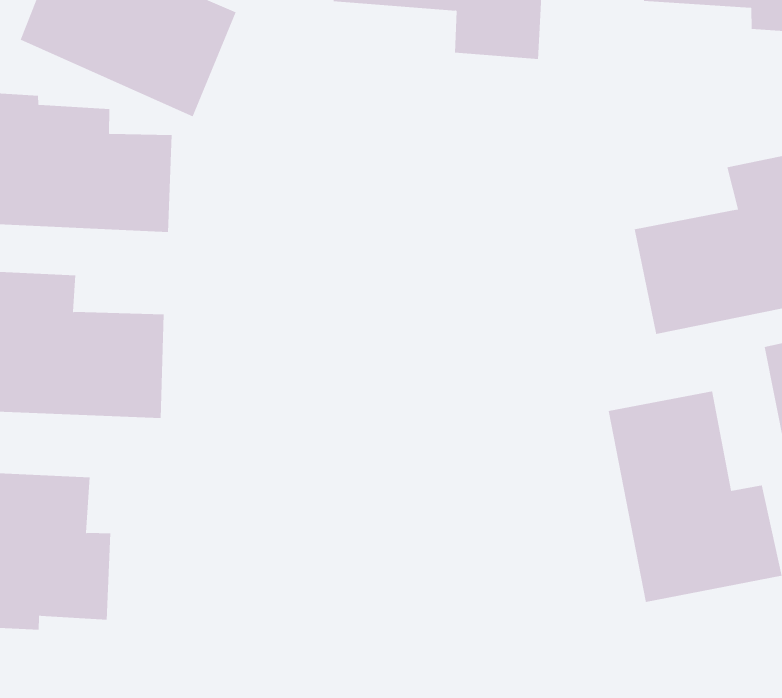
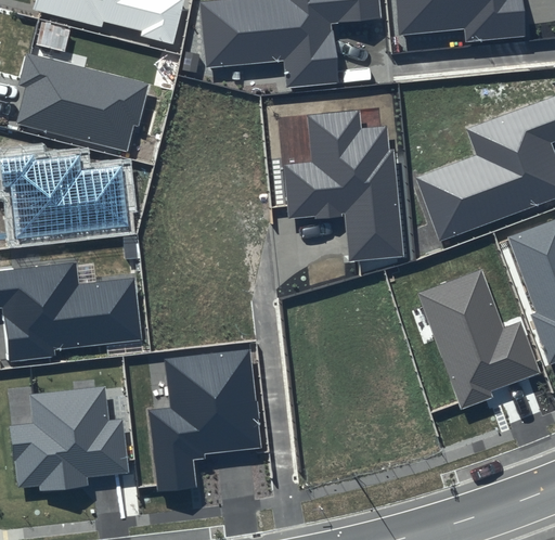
building: none -> [283,111,404,261]
building: none -> [147,349,262,491]

